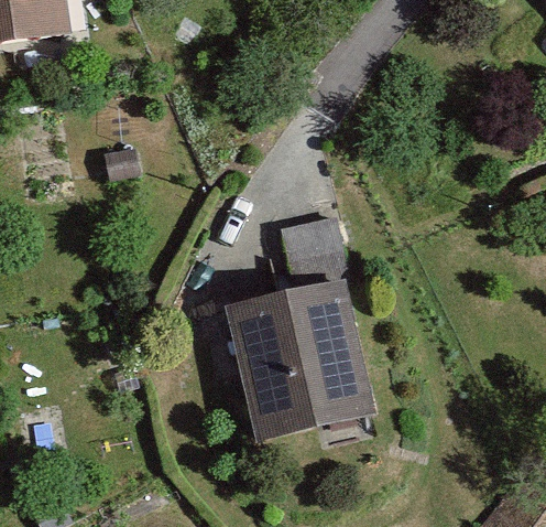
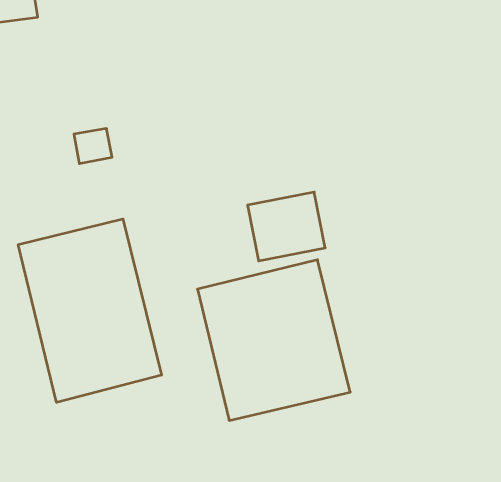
building: none -> [18,219,162,402]

